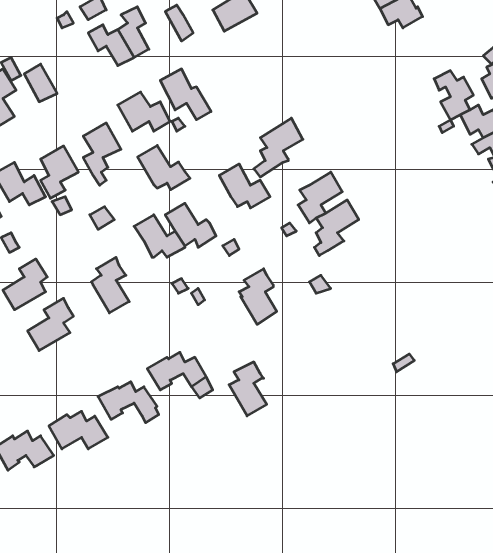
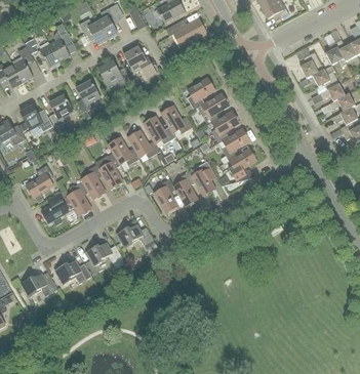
building: none -> [165,17,206,47]
building: none -> [49,24,76,61]
building: none -> [200,93,228,125]
building: [138,145,190,190] -> [143,116,175,143]
building: none -> [228,148,255,183]
building: none -> [96,154,122,189]
building: none -> [191,161,214,195]
building: none -> [67,181,90,215]
building: [229,362,267,416] -> [154,178,177,212]

